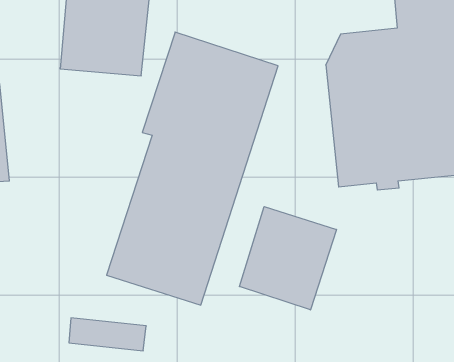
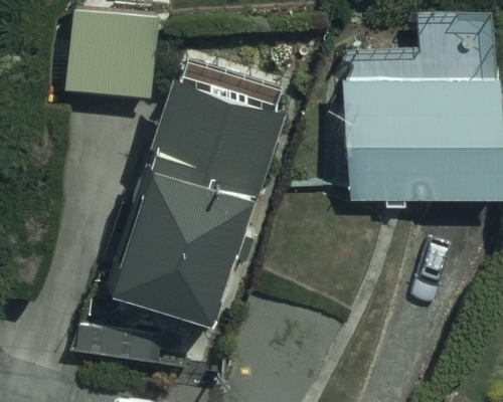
building: [239,207,336,310] -> none

